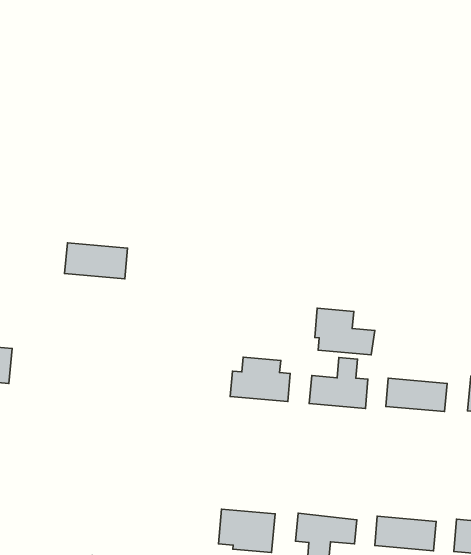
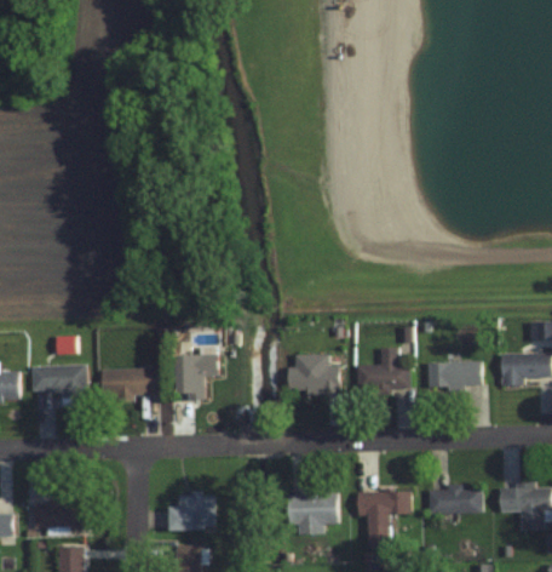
building: [65,243,128,279] -> [103,370,157,397]
building: [315,308,375,355] -> none
building: none -> [177,355,215,400]
building: none -> [169,493,214,531]

